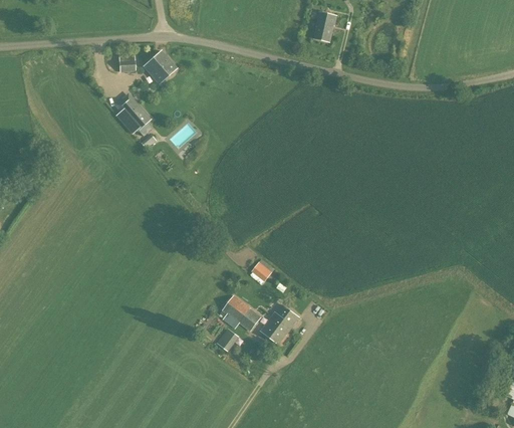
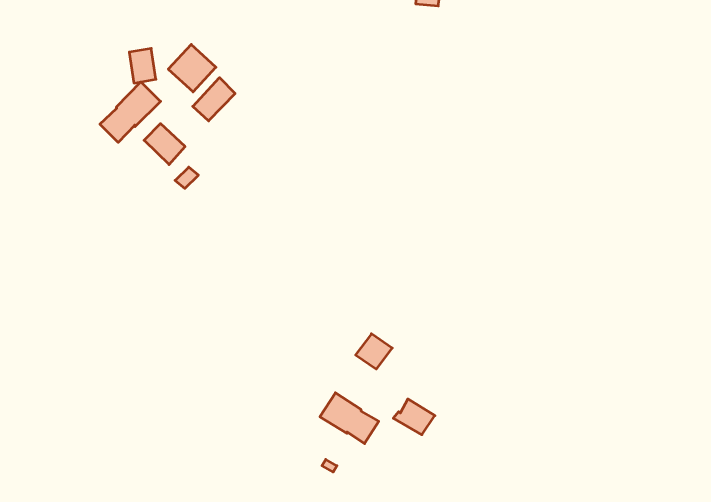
building: none -> [100,82,161,142]
building: none -> [193,78,235,121]
building: [260,316,288,345] -> none

